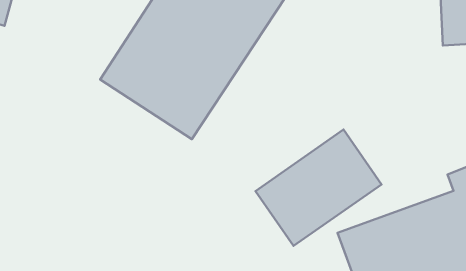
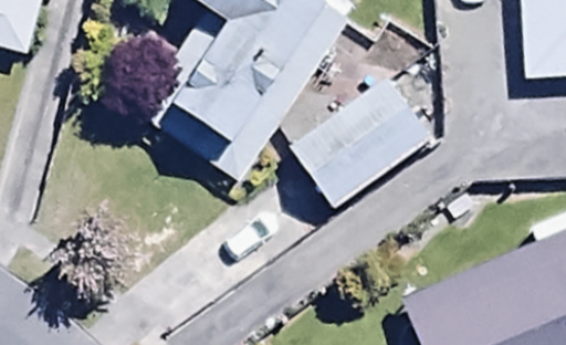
building: [256,130,381,246] -> [291,75,433,207]

